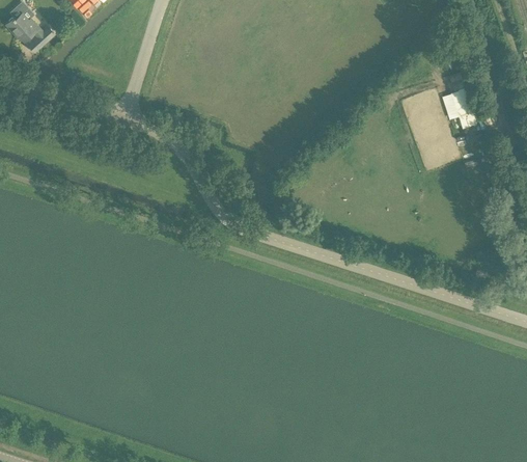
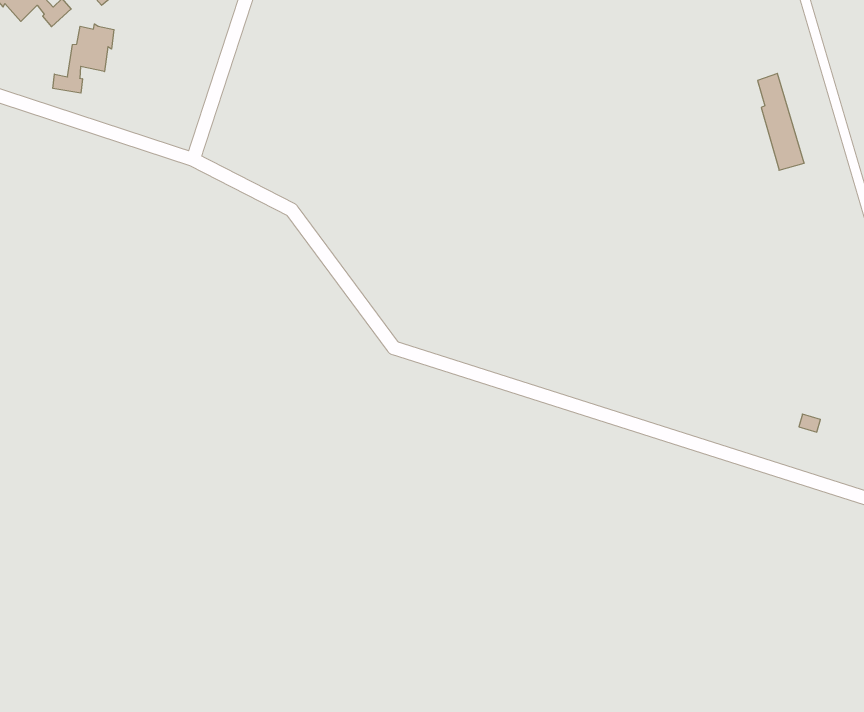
building: none -> [53,24,114,93]

